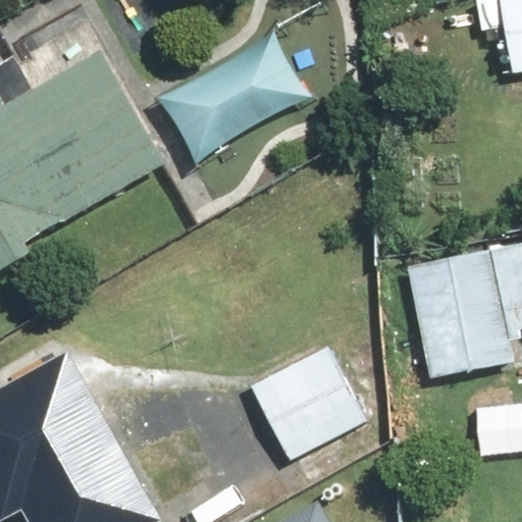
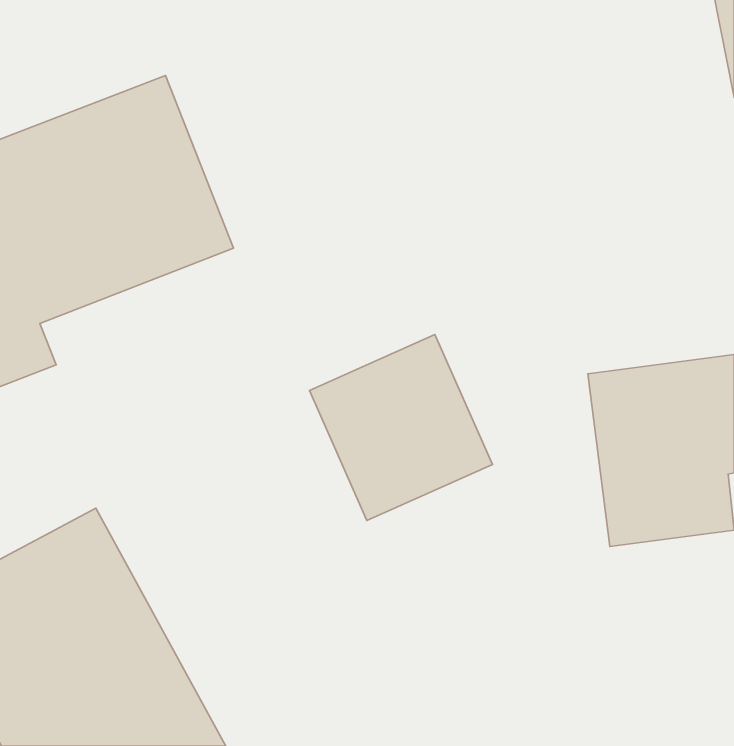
building: [163,37,315,162] -> none
building: [247,334,373,463] -> [309,335,492,521]

